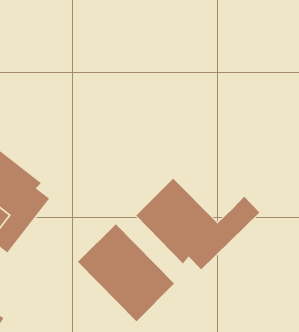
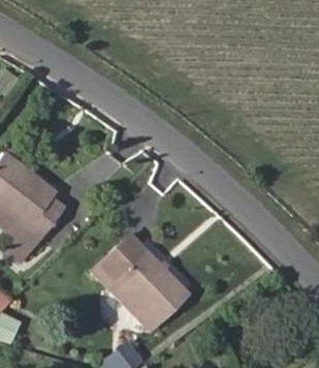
building: [135,178,260,270] -> none

